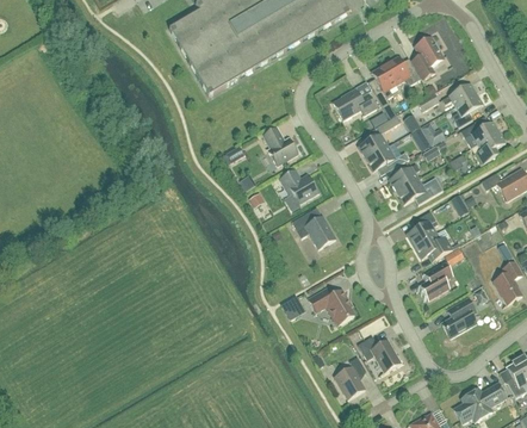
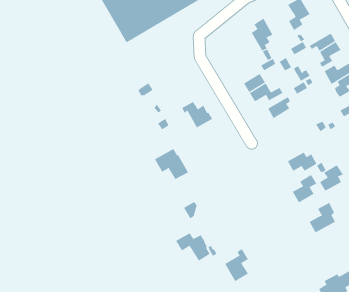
building: [384,55,421,85] -> none
building: [333,87,376,118] -> none
building: [262,126,297,165] -> none
building: [396,175,442,203] -> none
building: [291,206,335,247] -> [154,148,189,180]
building: [407,210,438,244] -> [319,164,344,191]
building: [308,286,353,323] -> [175,232,211,261]
building: [356,334,401,371] -> none

